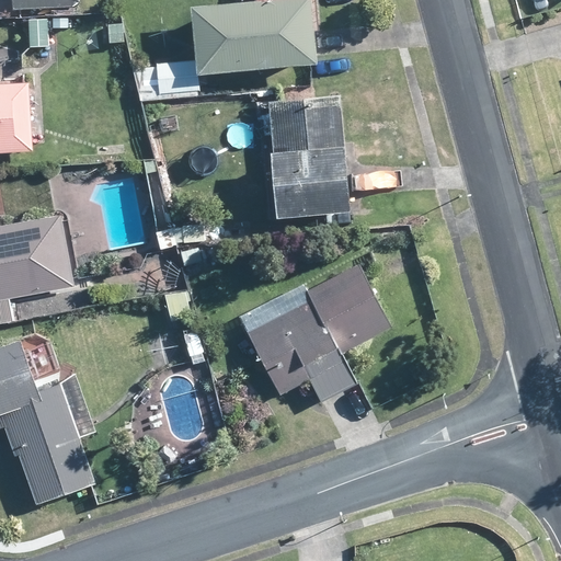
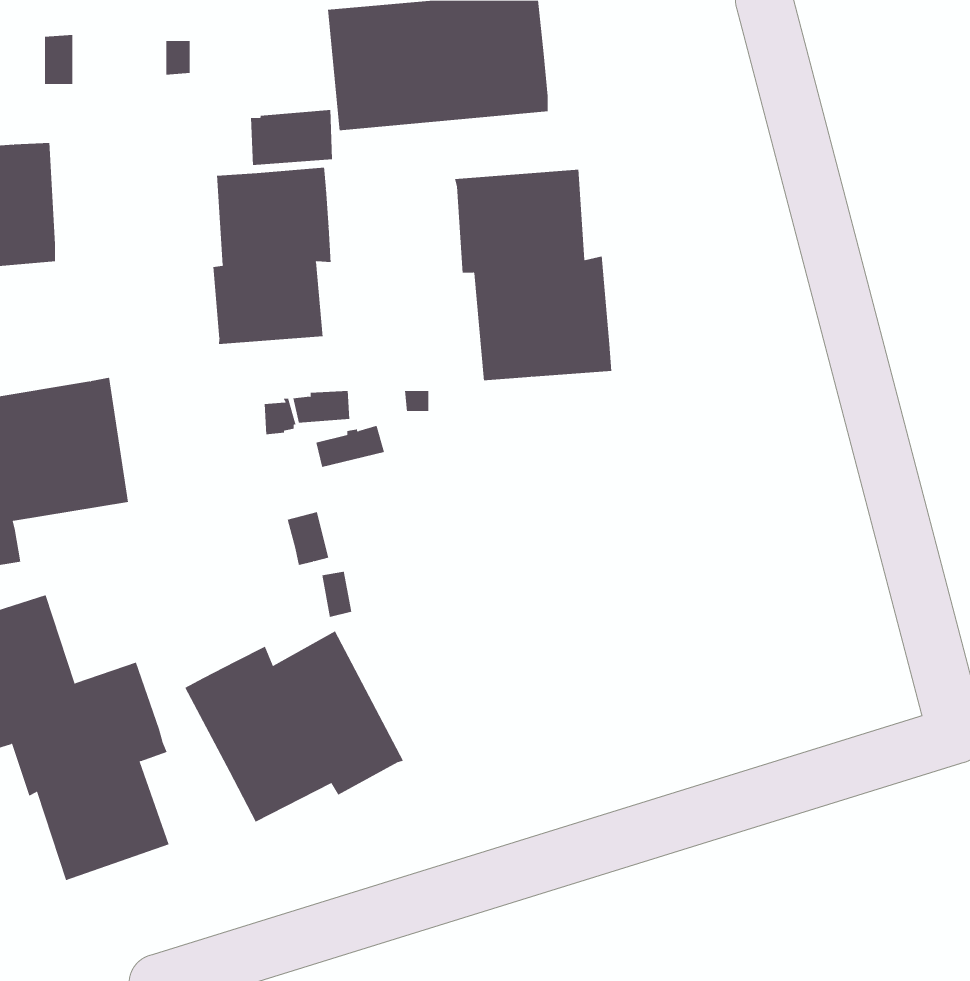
building: none -> [213,167,331,345]
building: [241,265,391,402] -> none
building: none -> [184,630,404,822]

